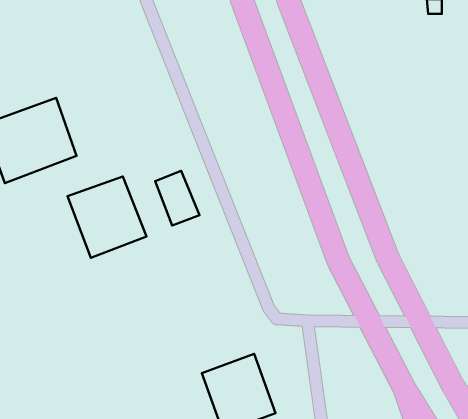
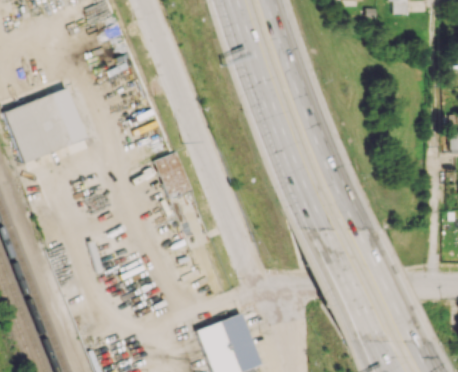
building: [67,176,146,258] -> none

